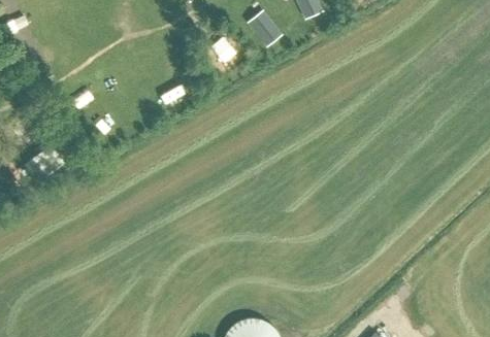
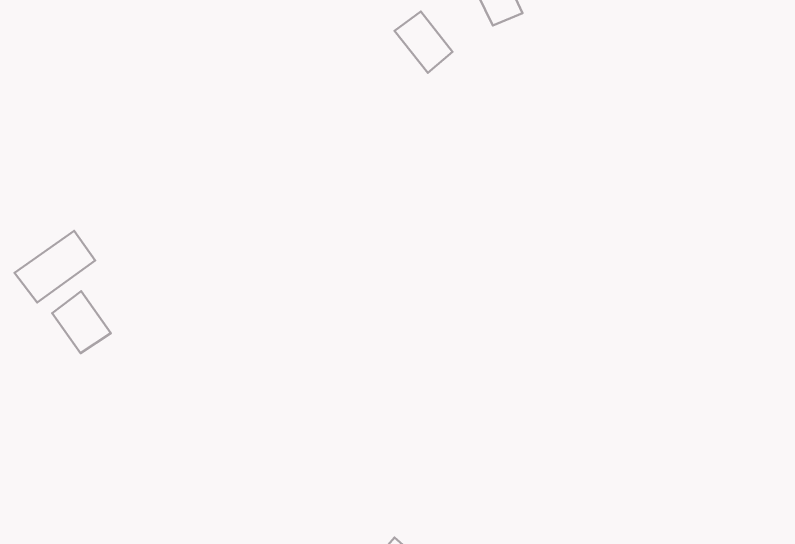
building: none -> [52,291,111,353]

